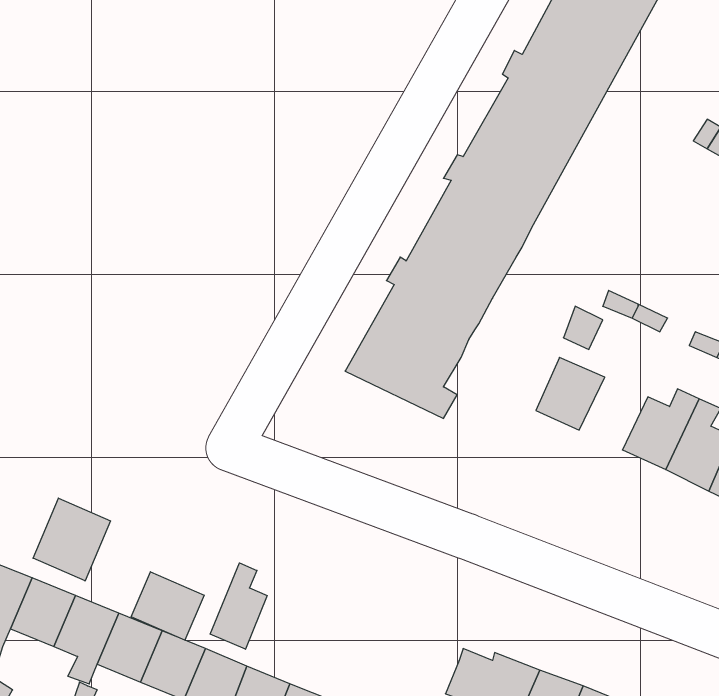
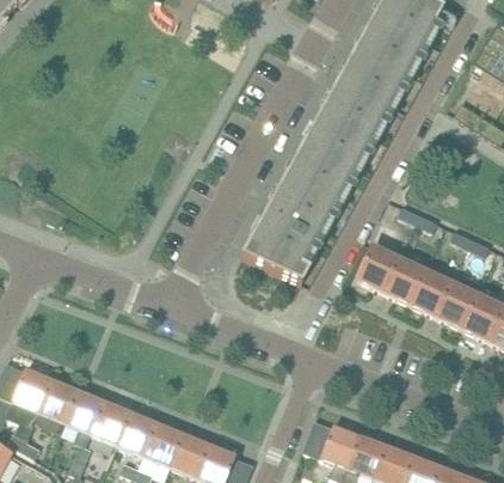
building: none -> [385,247,426,302]
building: [33,498,110,581] -> none
building: [210,563,267,649] -> none
building: [131,572,204,640] -> none

